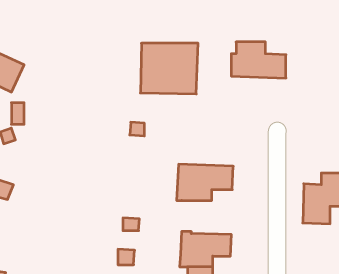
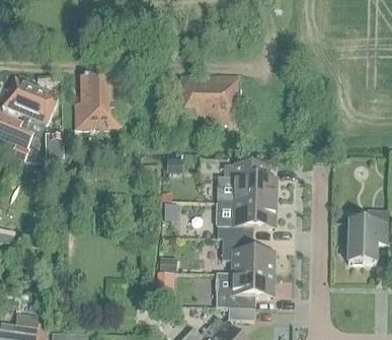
building: [231,42,286,78] -> [218,164,275,202]
building: none -> [74,73,120,129]
building: none -> [221,237,272,273]

